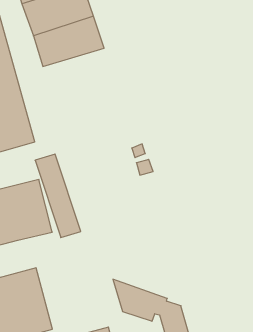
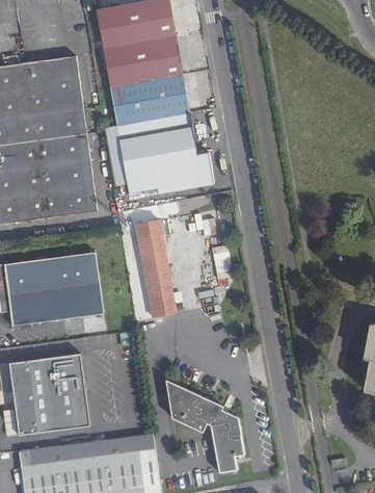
building: none -> [117,113,215,192]
building: [35,154,81,238] -> [134,220,176,317]

